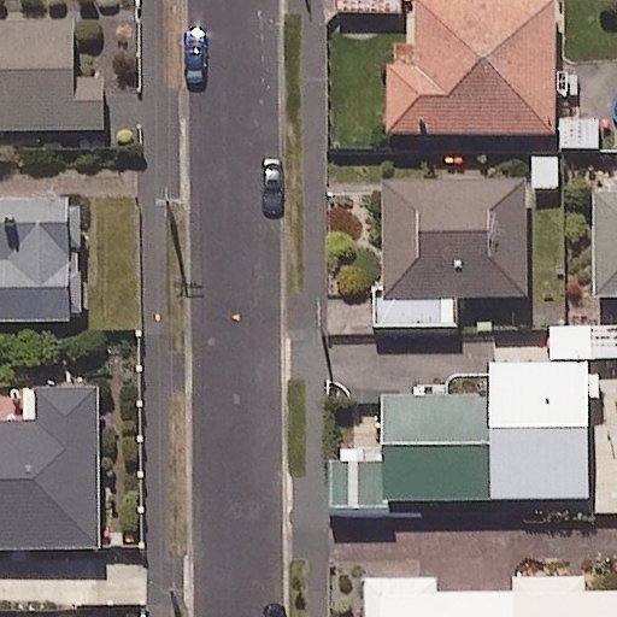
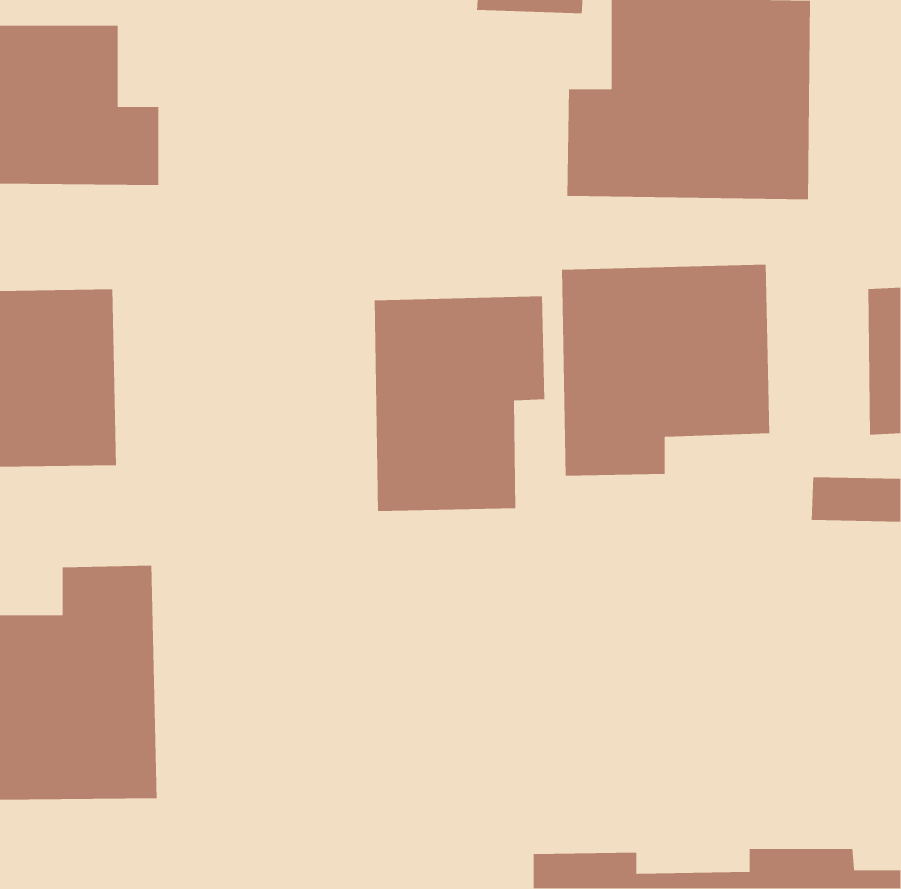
building: none -> [374,296,545,512]
building: [330,364,586,505] -> none

